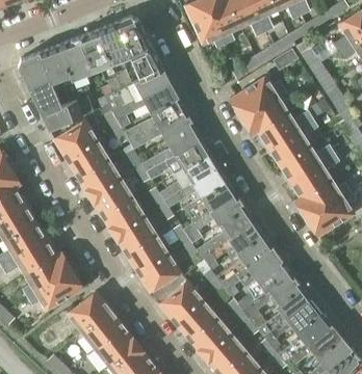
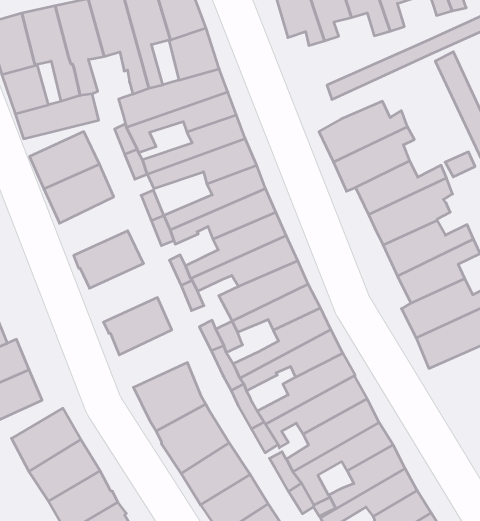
building: [78,157,121,196] -> none
building: [102,195,145,235] -> none
building: [126,234,169,272] -> none

